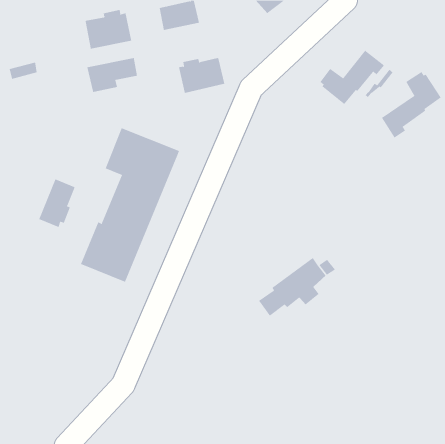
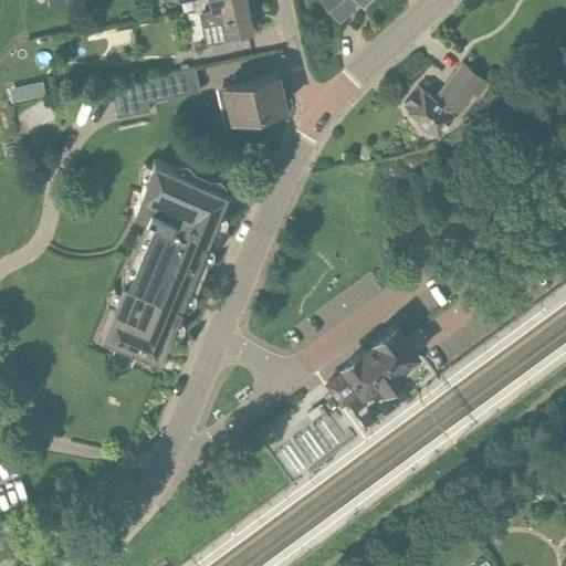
building: [85,9,132,49] -> none
building: [381,71,441,139] -> none
building: [39,178,75,228] -> none

